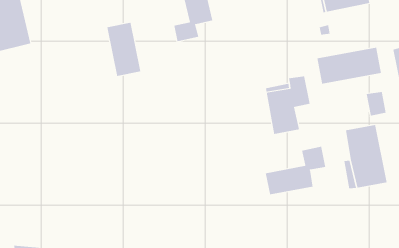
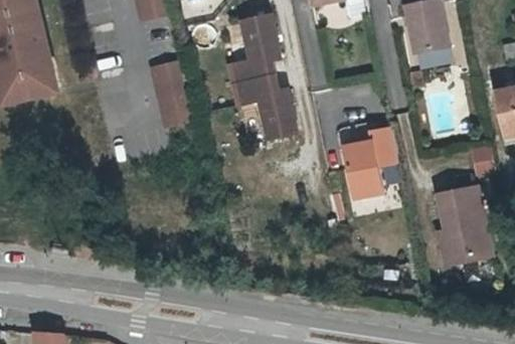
building: none -> [234,78,296,140]
building: [317,47,381,85] -> none
building: [265,146,326,195] -> none

